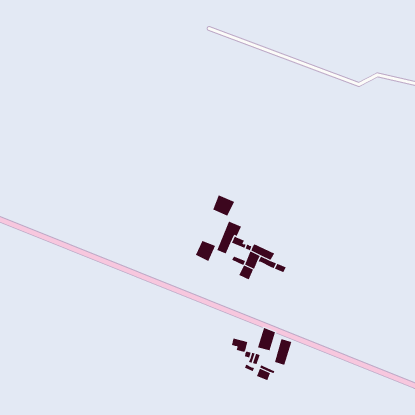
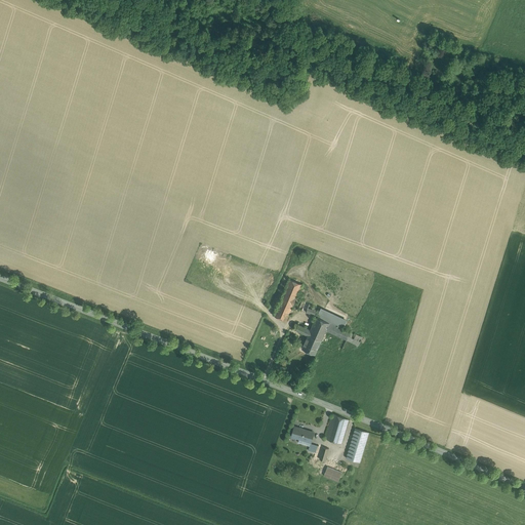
building: [213,195,235,217] -> none
building: [195,240,216,262] -> none

